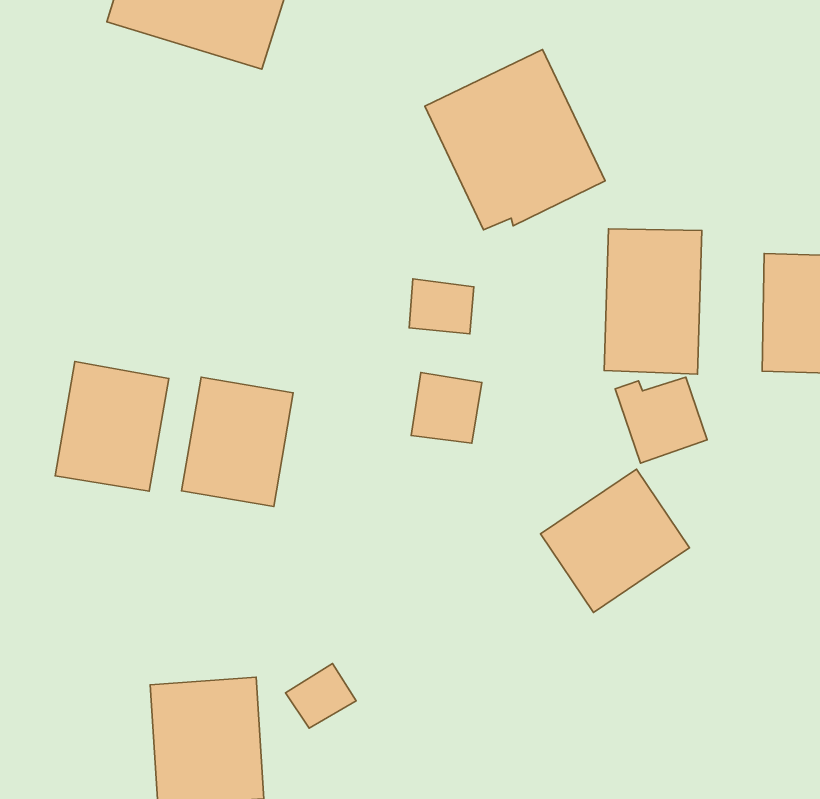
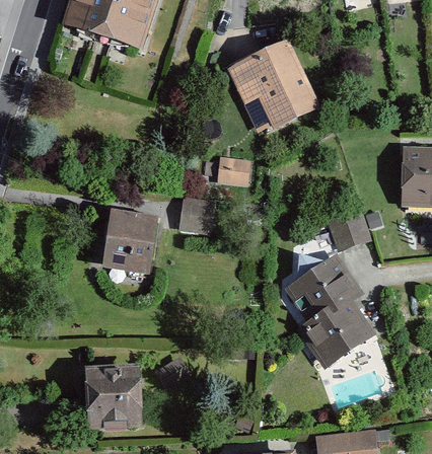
building: [604,229,702,374] -> none
building: [55,361,169,491] -> none
building: [411,373,482,443] -> [178,197,215,233]
building: none -> [305,301,376,368]

